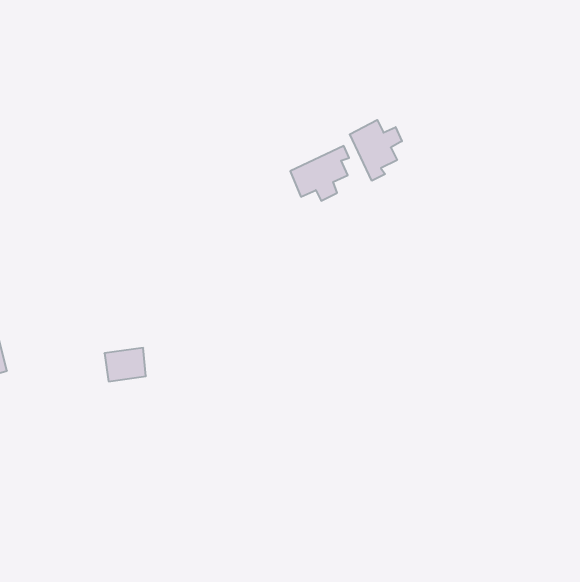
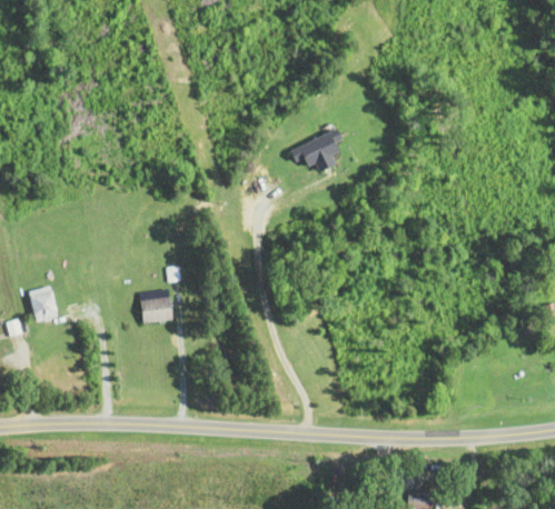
building: [350,120,402,181] -> none

